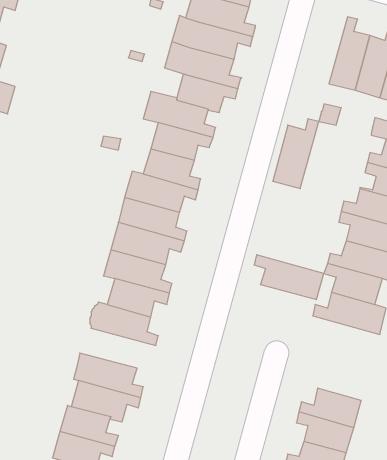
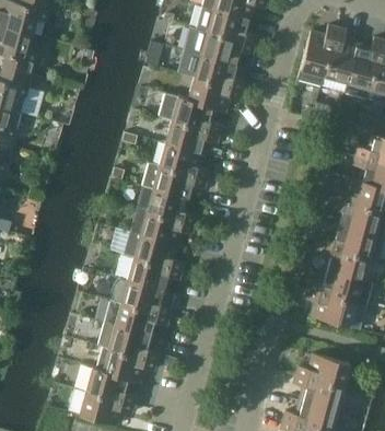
building: [273,119,319,189] -> [296,24,337,85]
building: [254,255,324,300] -> [304,289,365,328]
building: none -> [102,299,168,335]

